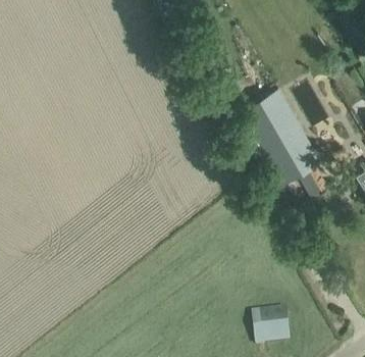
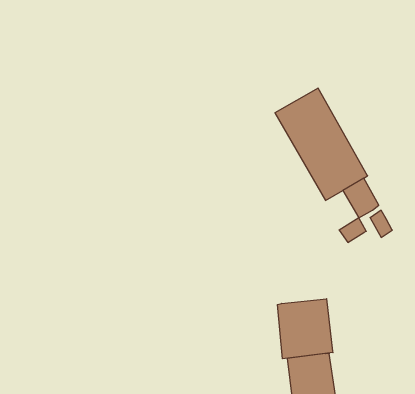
building: none -> [277,299,333,359]

